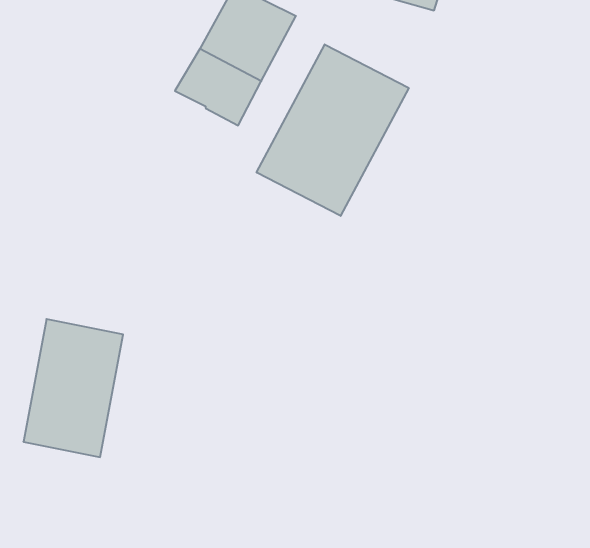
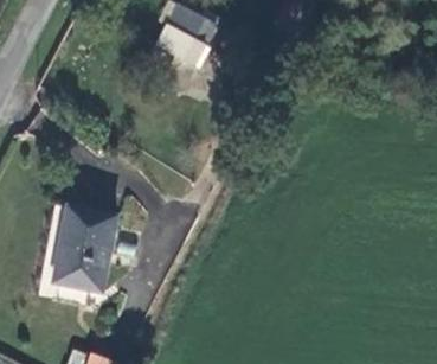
building: [257,44,409,216] -> none

